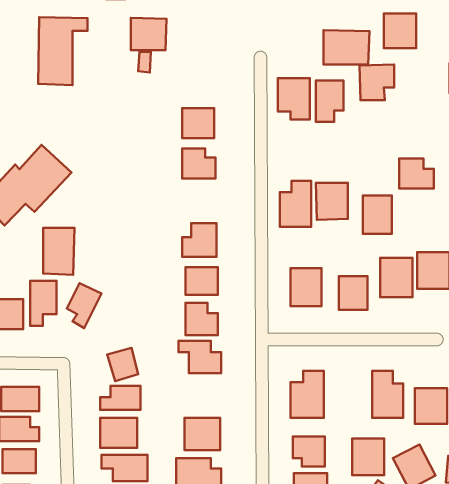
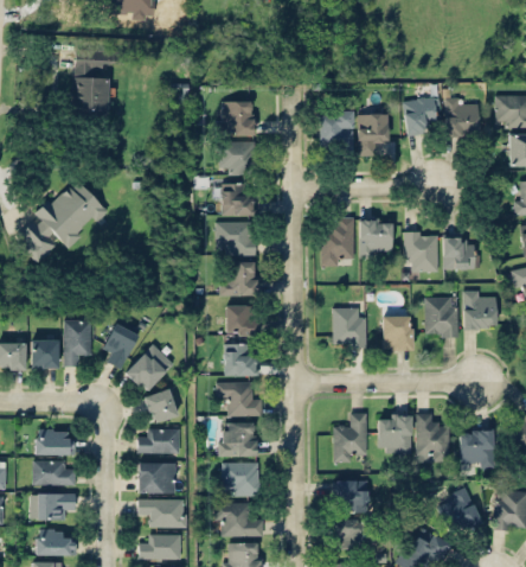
building: [384,14,416,48] -> [445,100,479,135]
building: [131,18,167,50] -> [218,101,255,134]
building: [324,30,370,64] -> none
building: [399,159,434,188] -> [443,237,479,268]
building: none -> [217,222,255,254]
building: [43,228,74,275] -> none
building: none -> [126,344,173,393]
building: none -> [220,422,257,455]
building: [352,438,384,475] -> [378,415,411,453]

